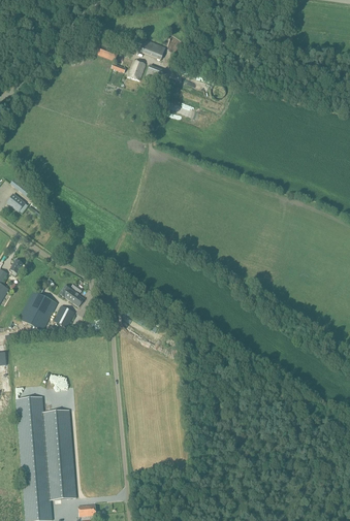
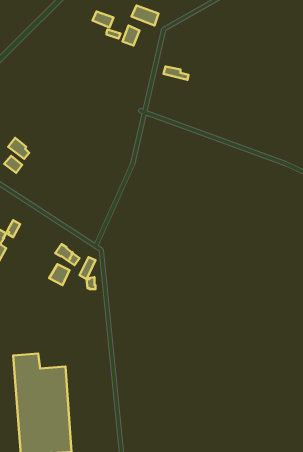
building: [20,291,58,331] -> none

